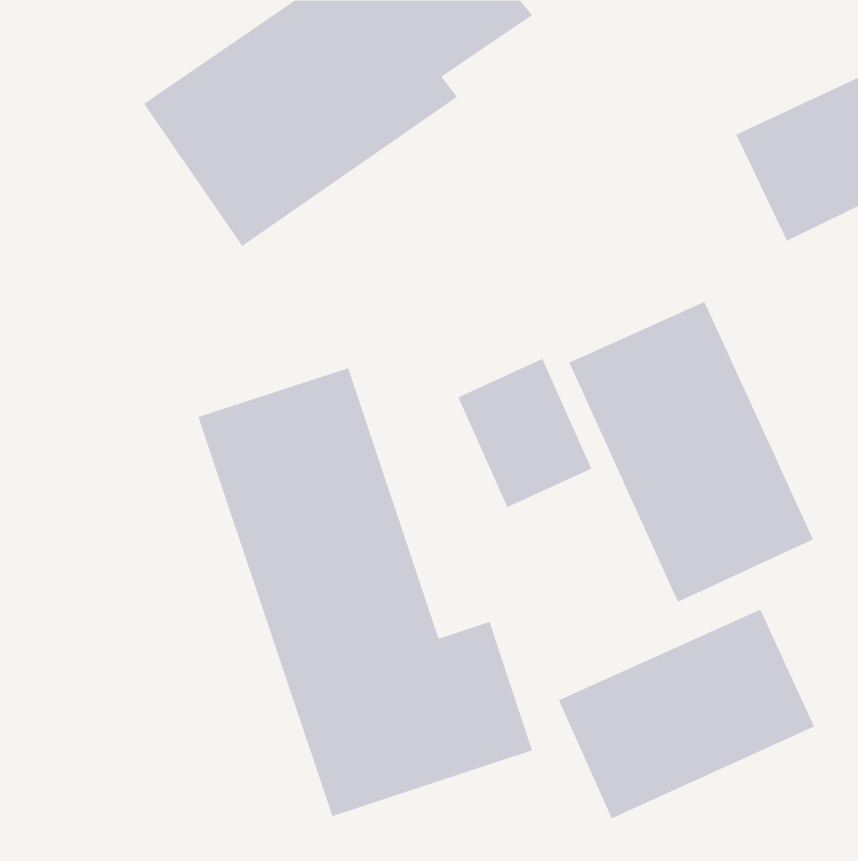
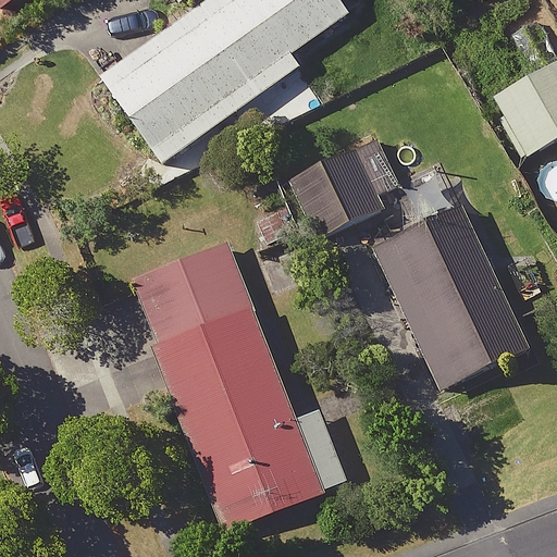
building: [458,358,592,508] -> [289,140,375,236]
building: [558,609,815,819] -> none

